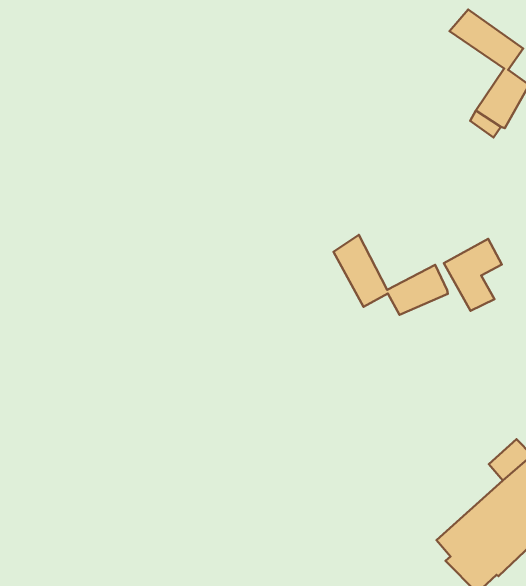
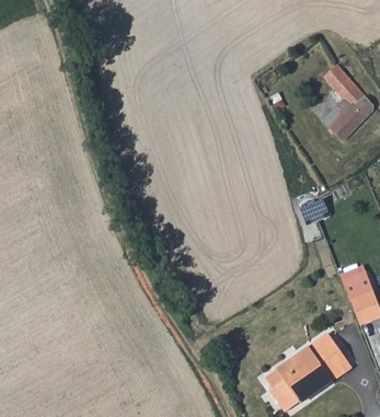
building: [333,235,448,315] -> none

